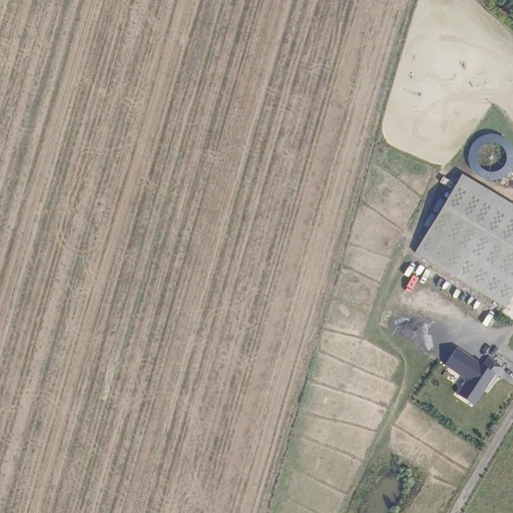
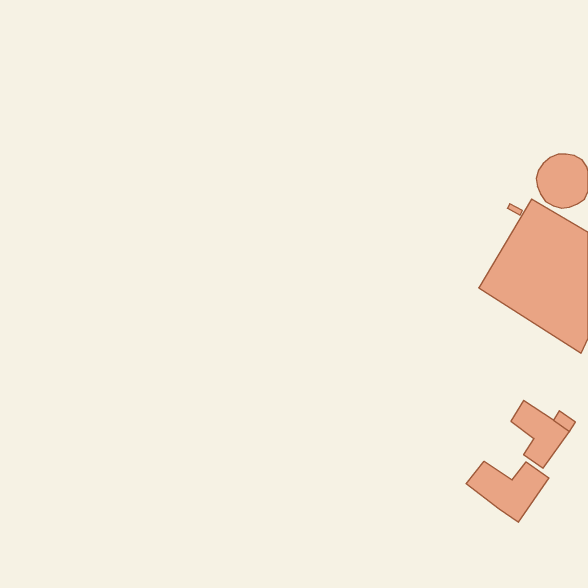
building: none -> [466,461,549,522]

